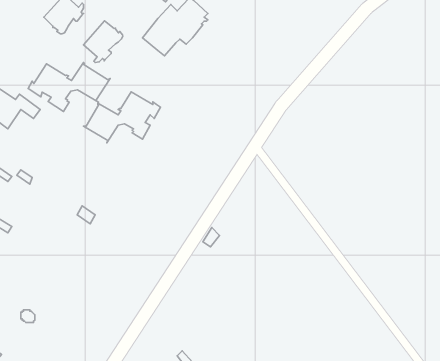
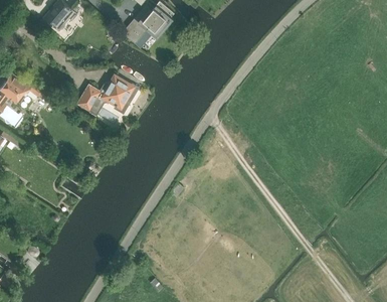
building: [83,21,123,62] -> none
building: [28,63,110,112] -> none

